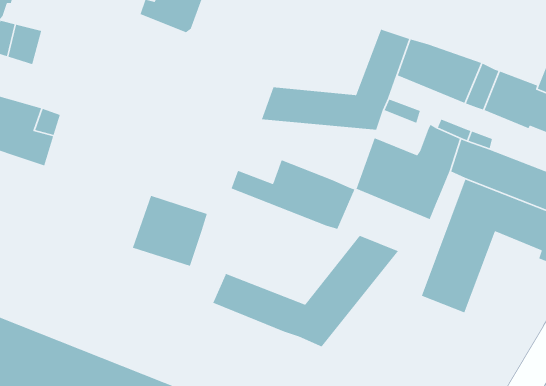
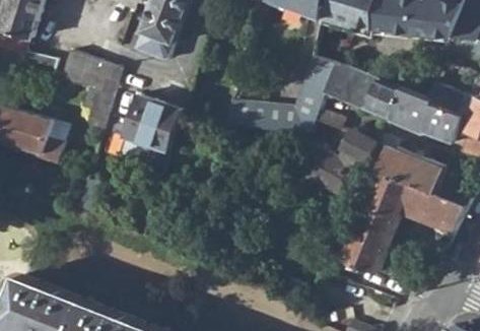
building: none -> [59,52,118,129]
building: [231,159,356,230] -> none
building: [132,195,208,267] -> [122,95,180,150]
building: [212,235,399,347] -> none

